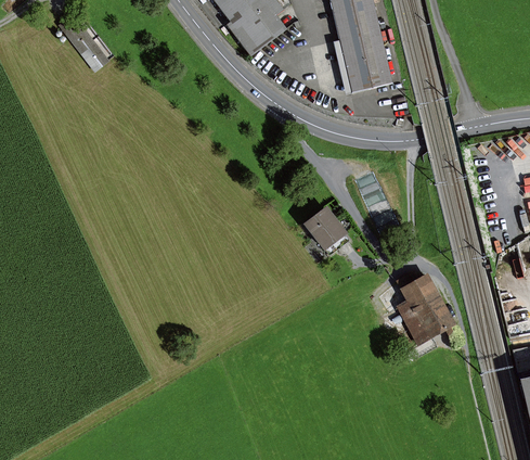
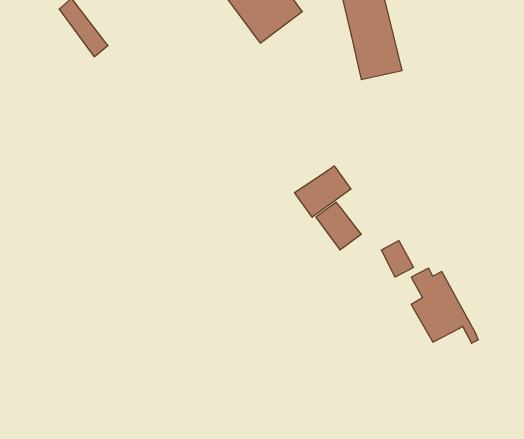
building: none -> [295,166,351,217]
building: none -> [382,241,413,277]

